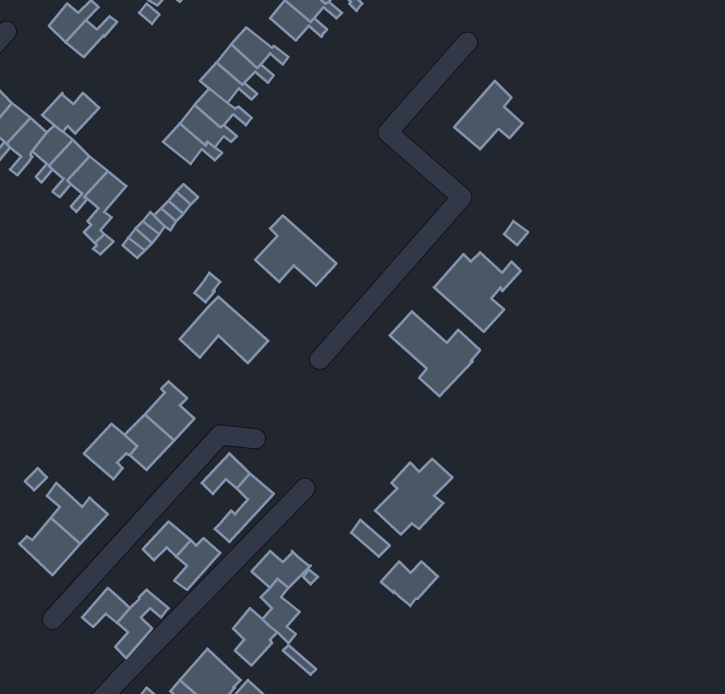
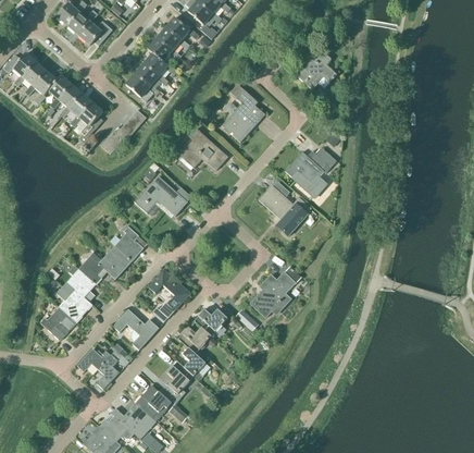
building: [42,93,99,134] -> [78,22,112,46]
building: none -> [221,85,265,143]
building: none -> [62,269,96,301]
building: [381,562,438,606] -> [194,309,227,335]

